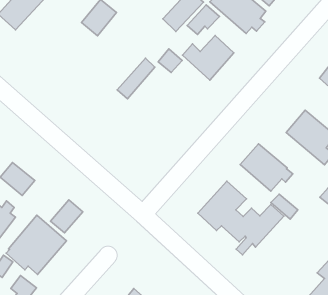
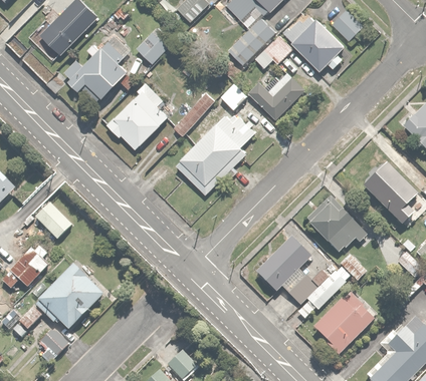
building: none -> [63,37,136,95]
building: none -> [105,82,167,147]
building: none -> [177,114,257,194]
building: [50,200,83,233] -> none
building: none -> [312,290,376,356]

